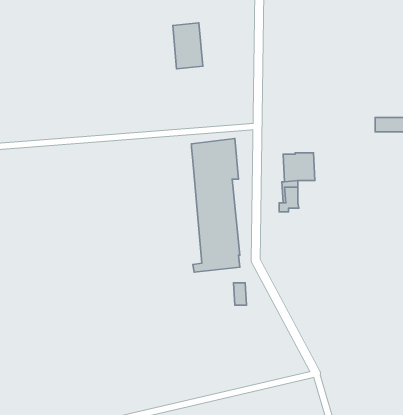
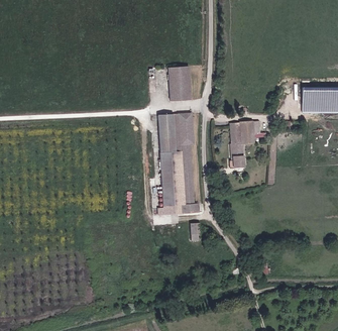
building: [173,23,203,69] -> [170,65,193,100]

